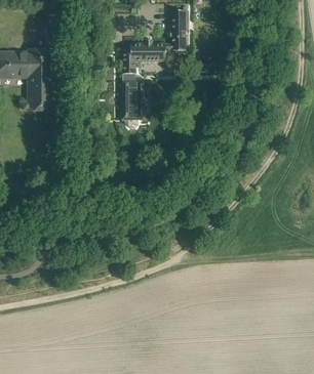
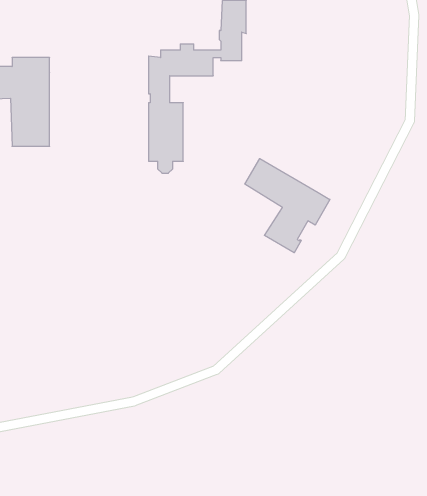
building: none -> [245,159,330,253]

